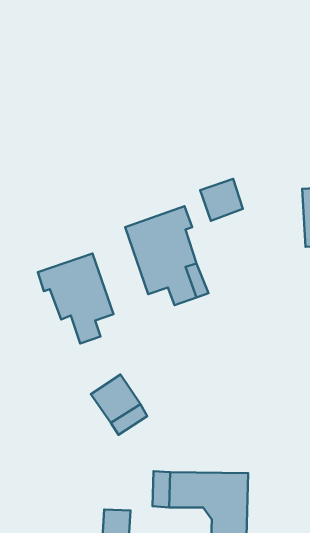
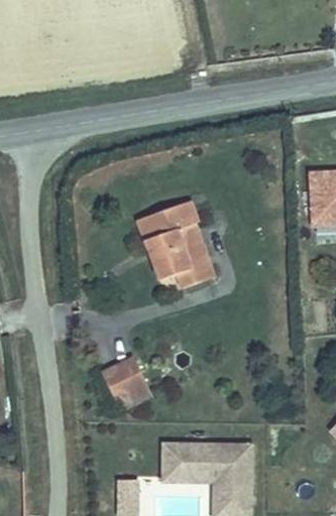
building: [200,179,243,221] -> none
building: [38,254,113,343] -> none

